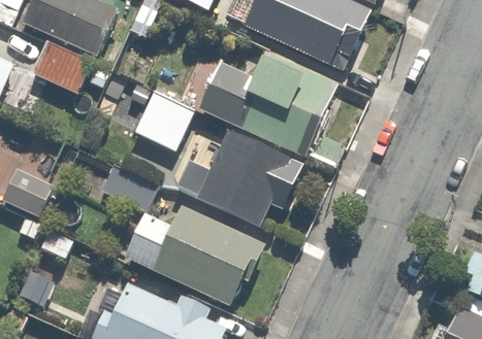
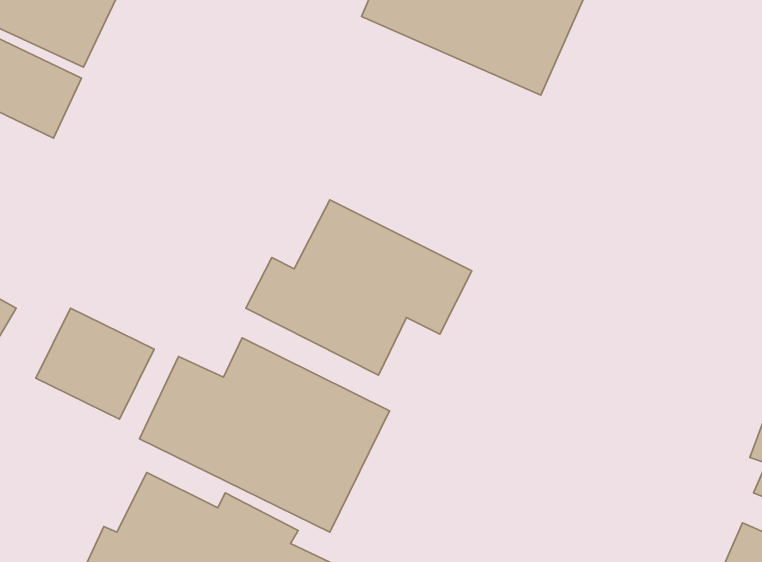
building: [199,52,338,157] -> none
building: [134,90,195,150] -> none
building: none -> [36,308,154,419]

